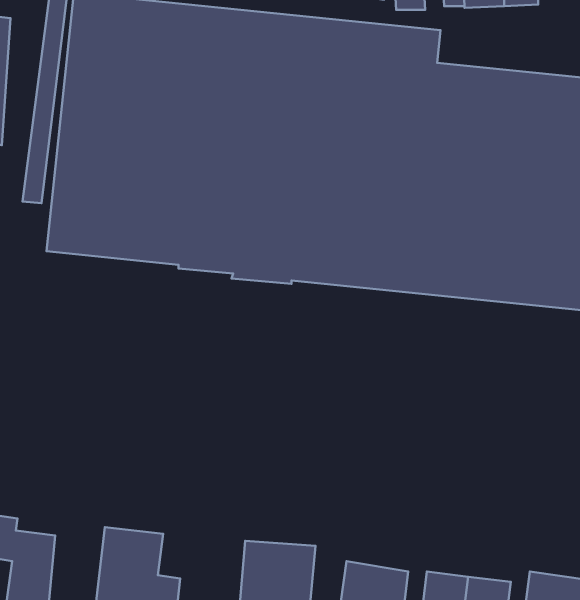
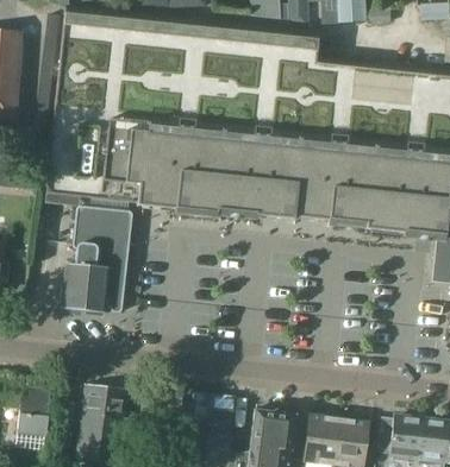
building: none -> [62,206,133,313]

